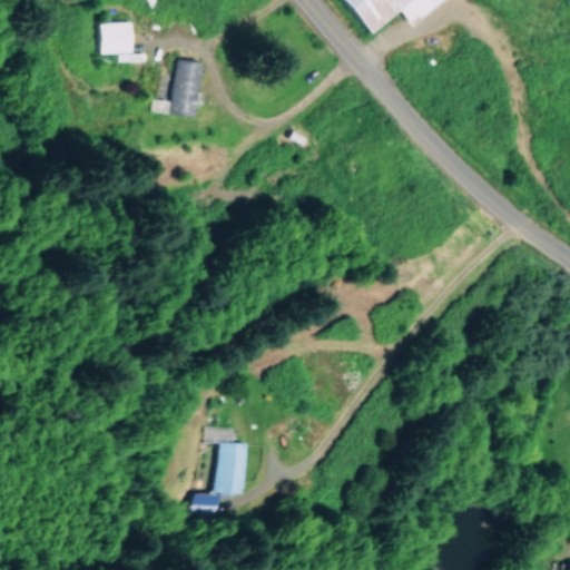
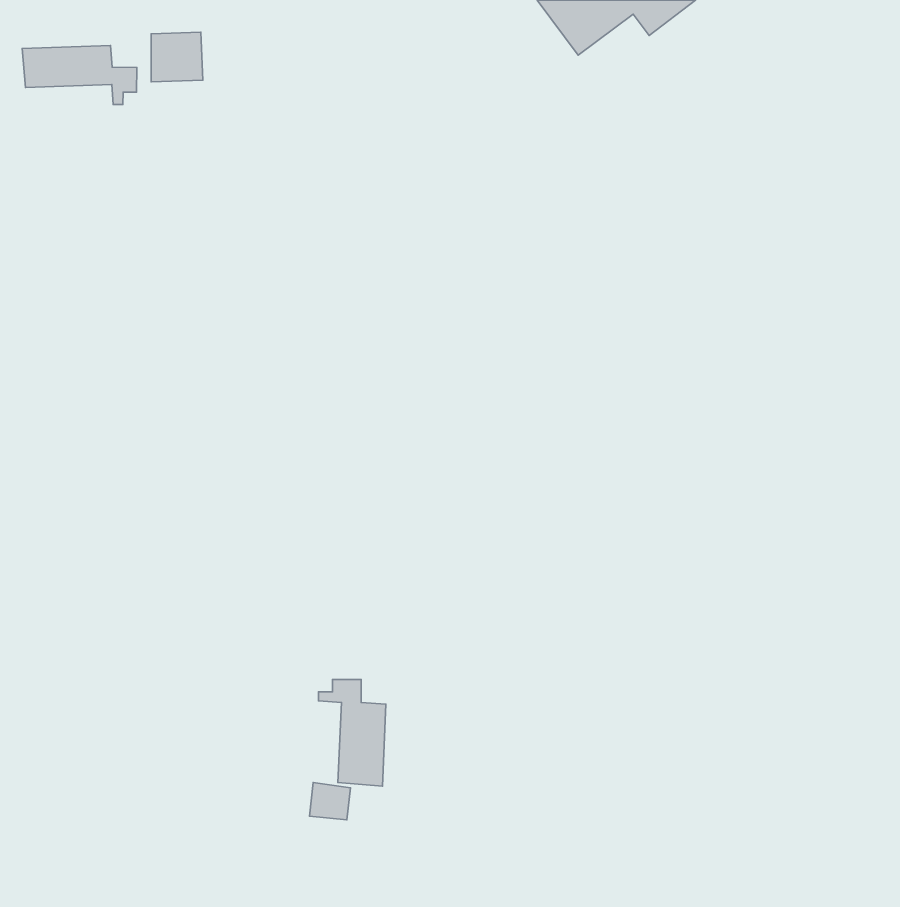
building: none -> [22,46,137,105]
building: [150,58,203,117] -> none

